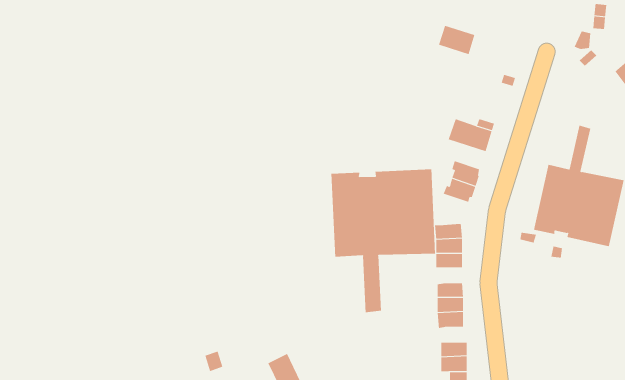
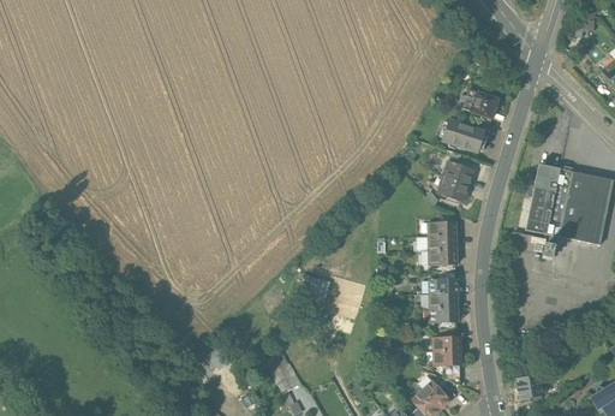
building: [438,25,475,55] -> [461,88,497,117]
building: [331,168,436,313] -> none

